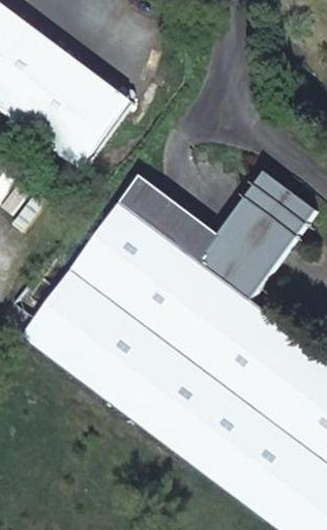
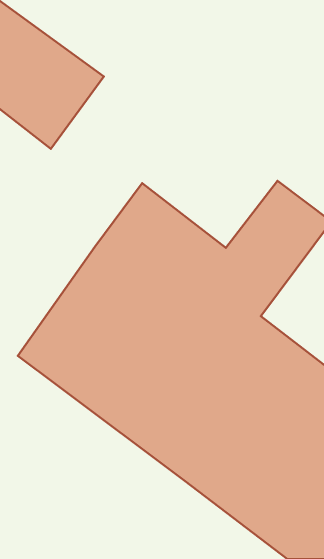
building: [53,75,133,166] -> none

